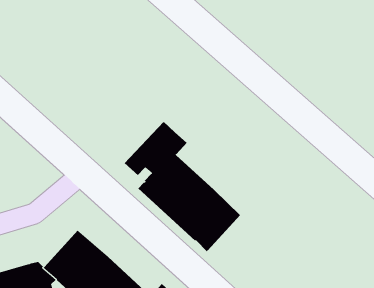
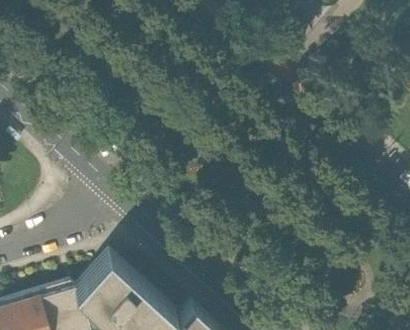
building: [124,122,241,252] -> none

